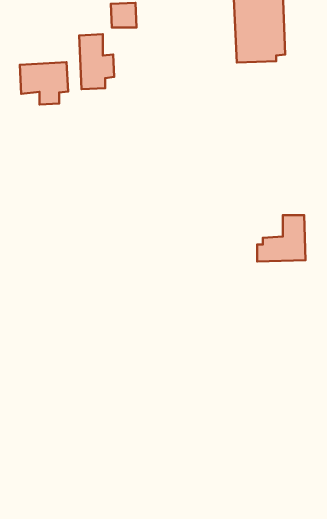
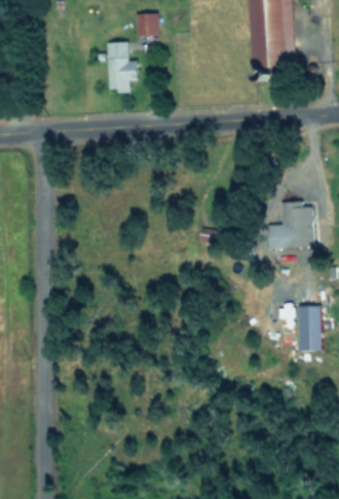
building: [20,62,68,104] -> none
building: none -> [298,305,323,351]

